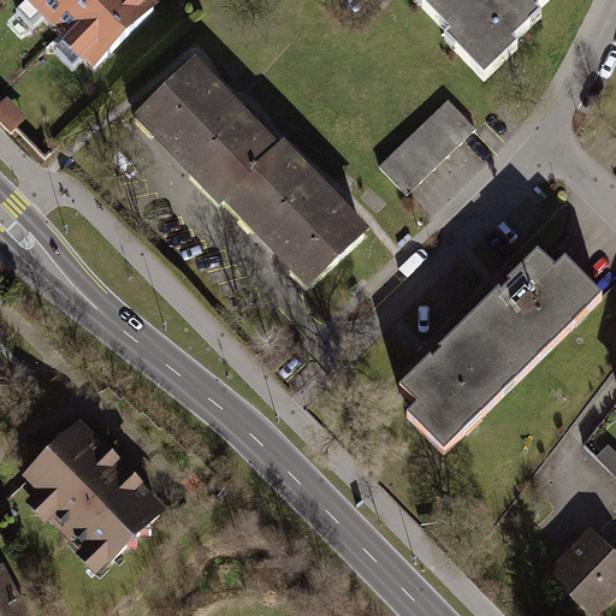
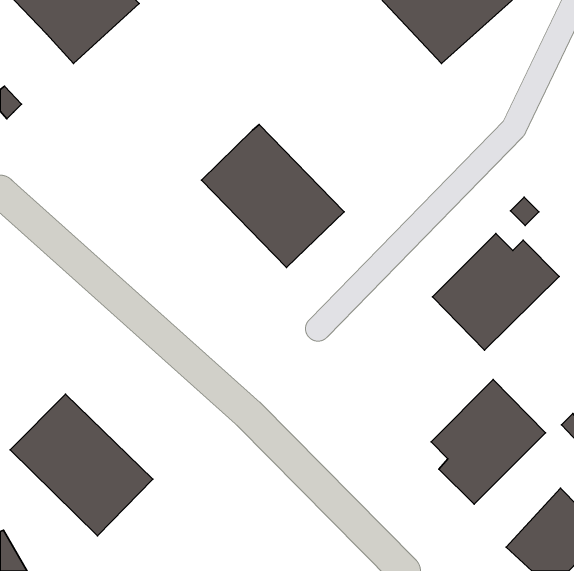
building: [132,55,273,196] -> none
building: [384,97,479,192] -> none
building: [398,315,520,448] -> [431,380,545,504]

